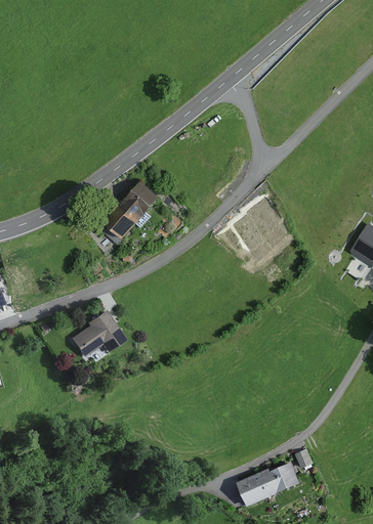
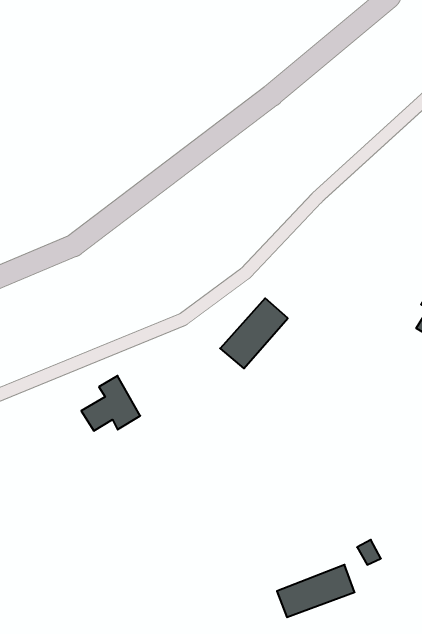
building: [99,182,155,239] -> [220,298,288,368]

